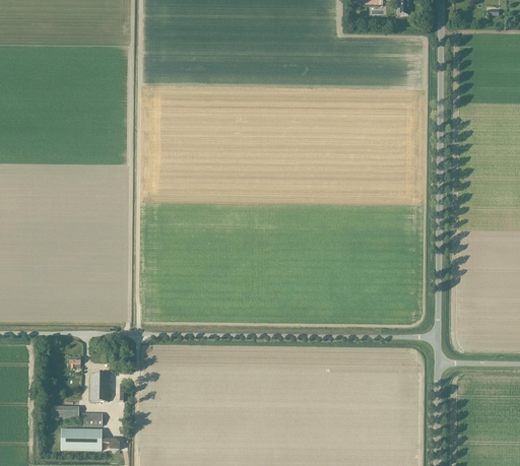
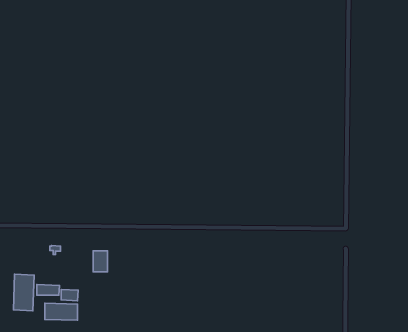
building: [90,374,109,400] -> [93,251,108,272]
building: none -> [13,274,34,311]

